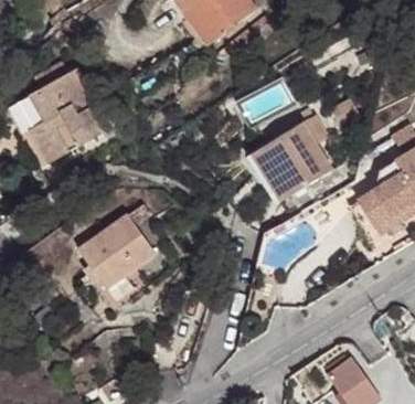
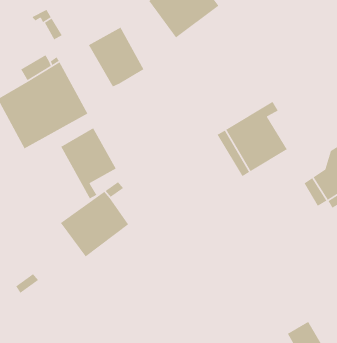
building: none -> [88,27,144,88]
building: none -> [60,127,117,199]

